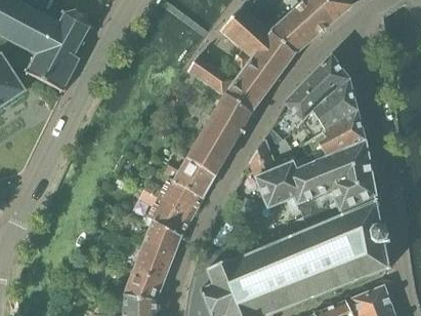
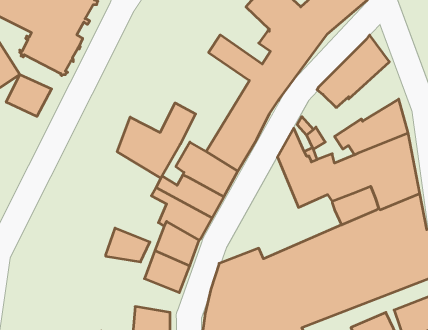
building: [312,79,356,131] -> none
building: none -> [6,75,52,116]
building: none -> [117,103,196,178]
building: [125,270,164,300] -> [106,228,150,262]

